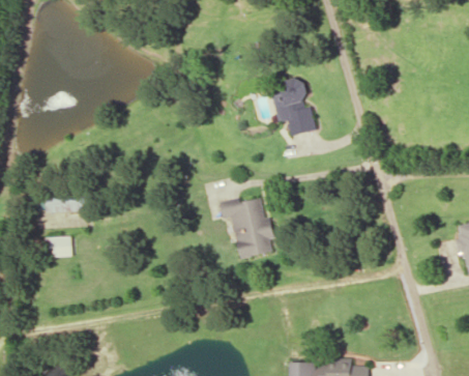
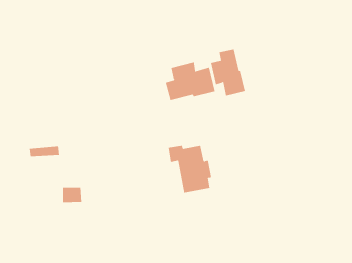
building: none -> [165,62,215,101]
building: [47,237,71,257] -> [62,187,82,203]

